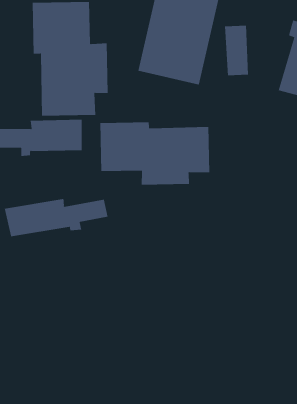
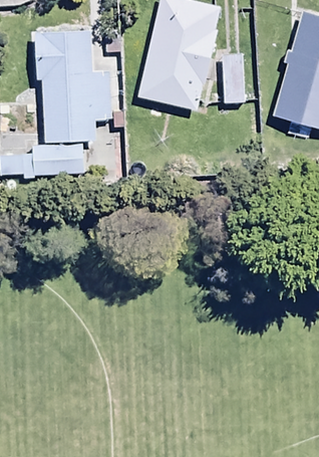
building: [100,122,210,185] -> none
building: [4,198,108,237] -> none

